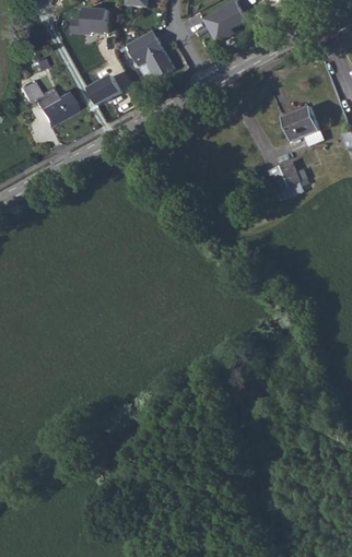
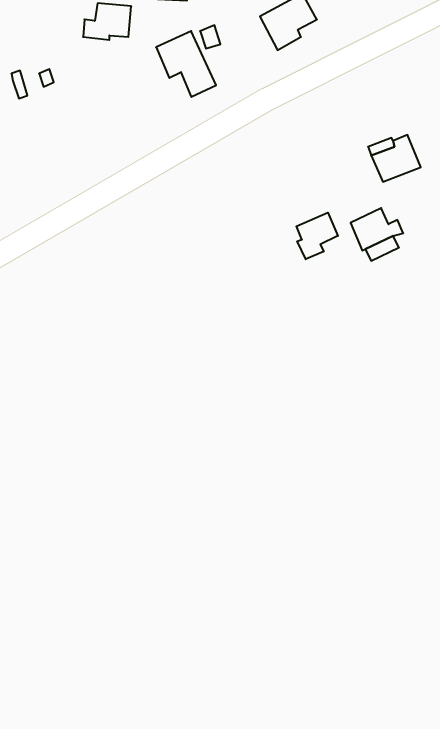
building: [87,74,122,107] -> none
building: [21,81,77,121] -> none
building: none -> [296,213,338,259]

